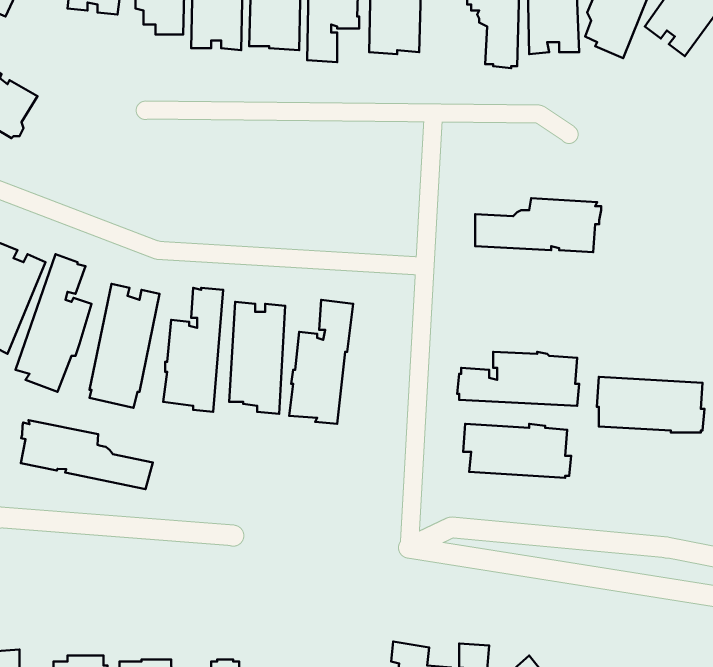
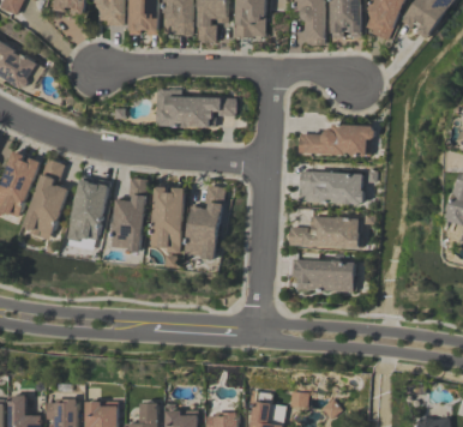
building: none -> [155,88,236,127]
building: [597,377,705,433] -> [299,170,363,204]
building: [21,420,153,489] -> none

